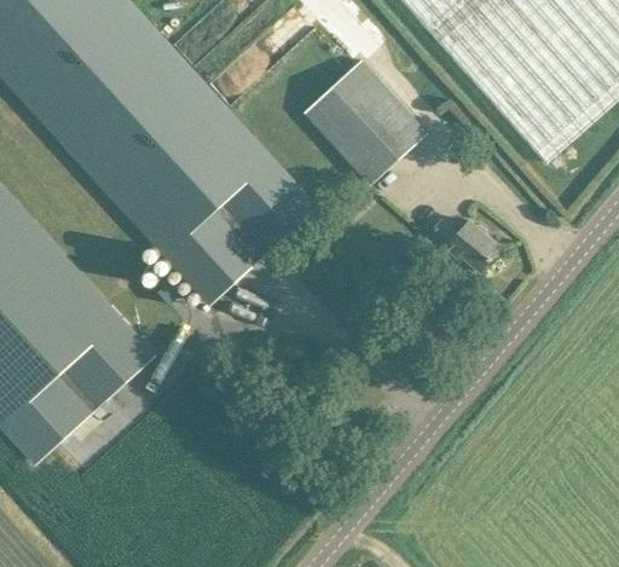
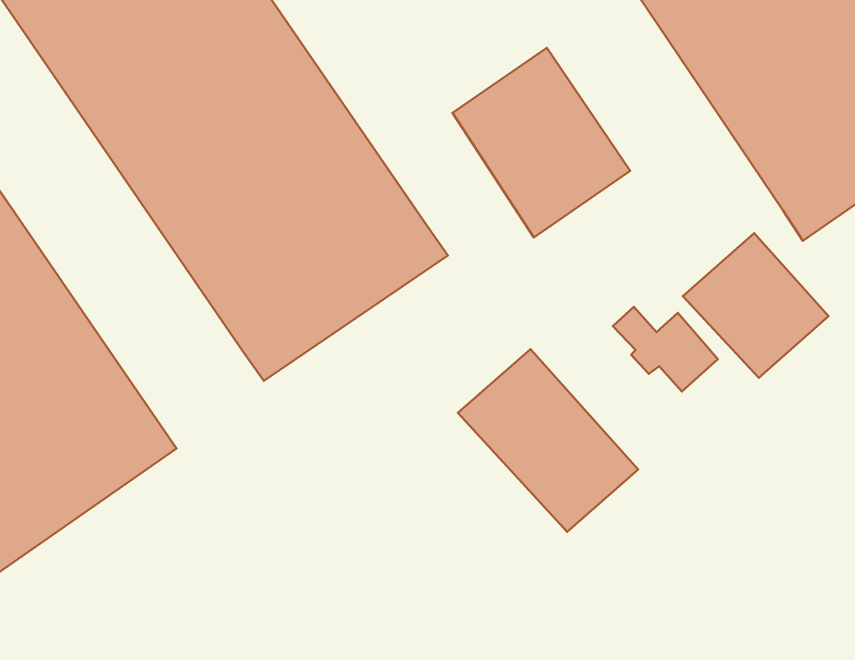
building: none -> [683,233,829,378]
building: none -> [458,349,638,532]

